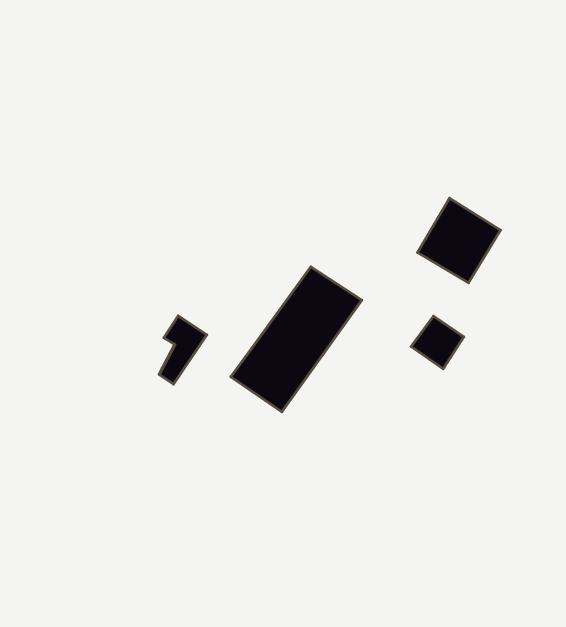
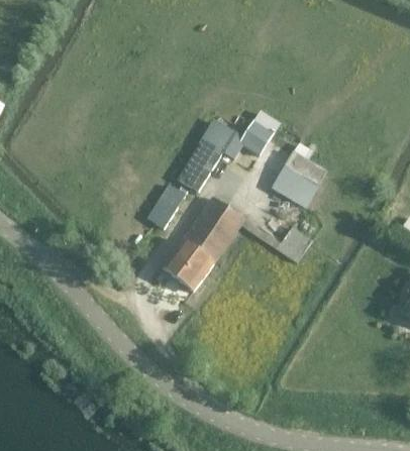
building: none -> [177,120,273,191]
building: [159,316,207,384] -> [155,183,185,226]

